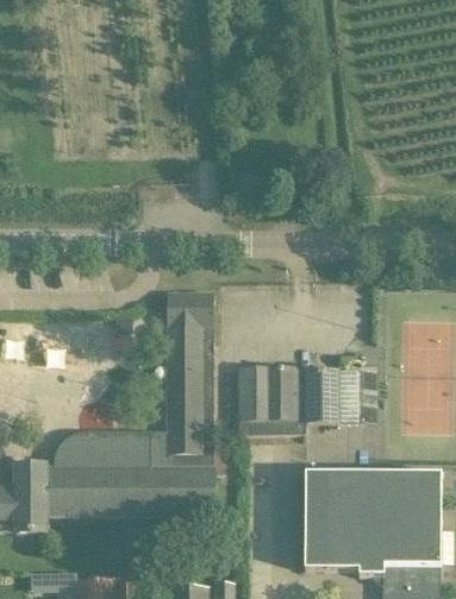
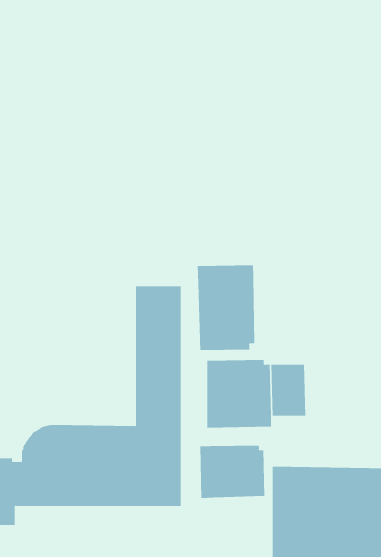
building: none -> [197,264,255,351]
building: none -> [200,445,265,499]

